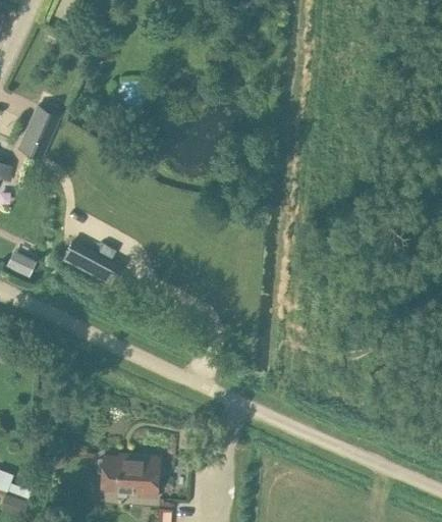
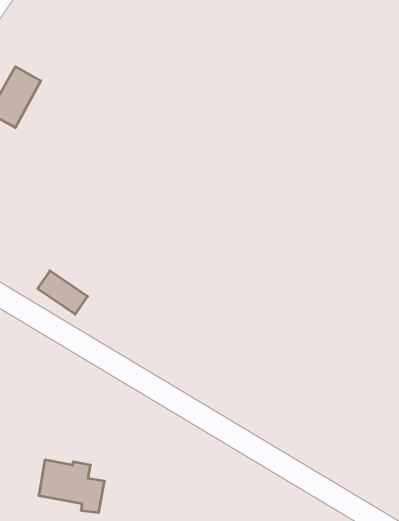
building: [74,249,120,285] -> [38,271,88,314]

